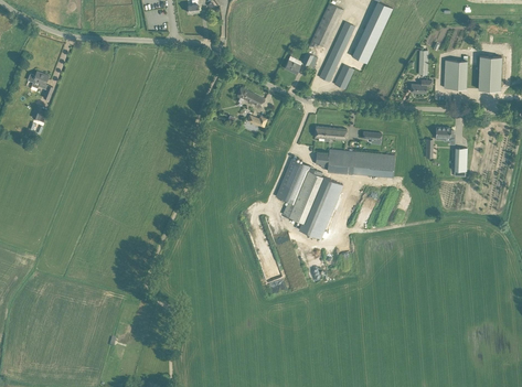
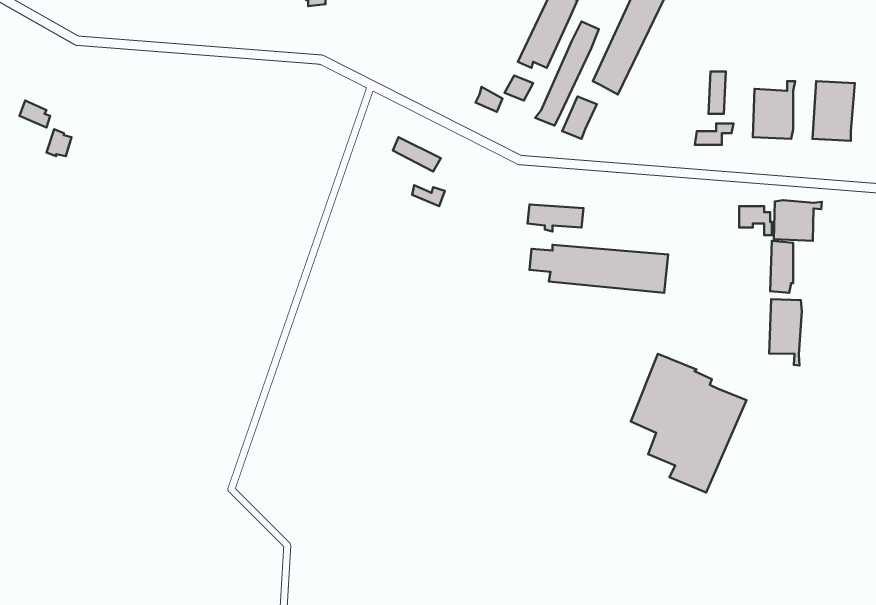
building: none -> [774,200,822,241]
building: [276,159,342,238] -> [631,354,746,493]
building: none -> [769,299,802,365]

